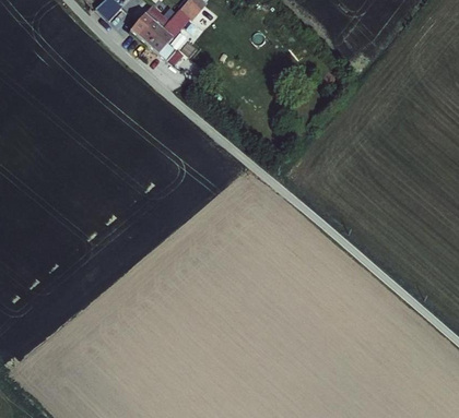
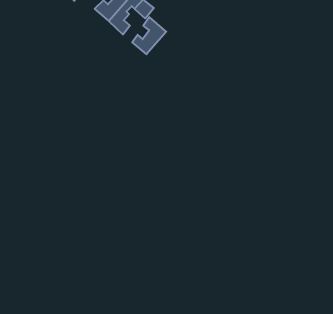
building: none -> [132,17,166,54]

